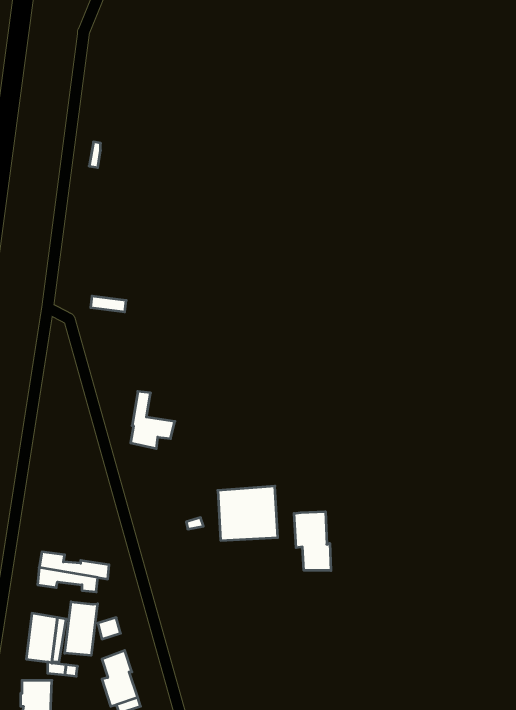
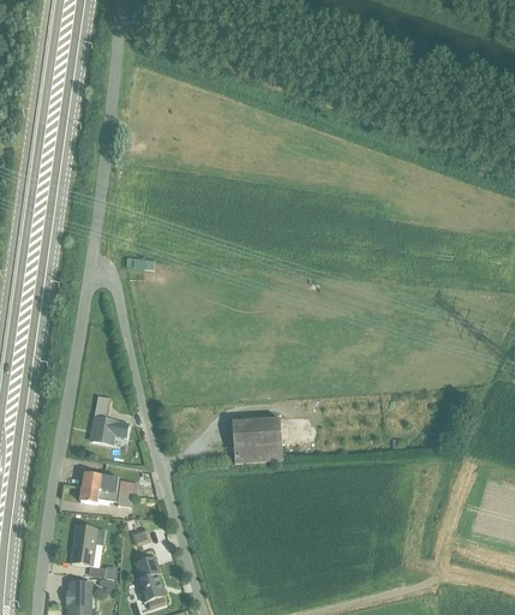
building: [131,391,175,449] -> [90,396,127,444]
building: [294,512,331,571] -> none
building: [65,602,98,655] -> none

